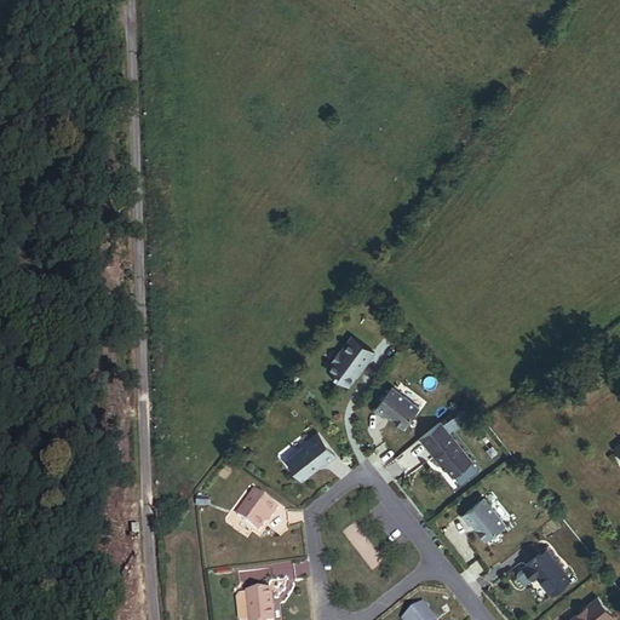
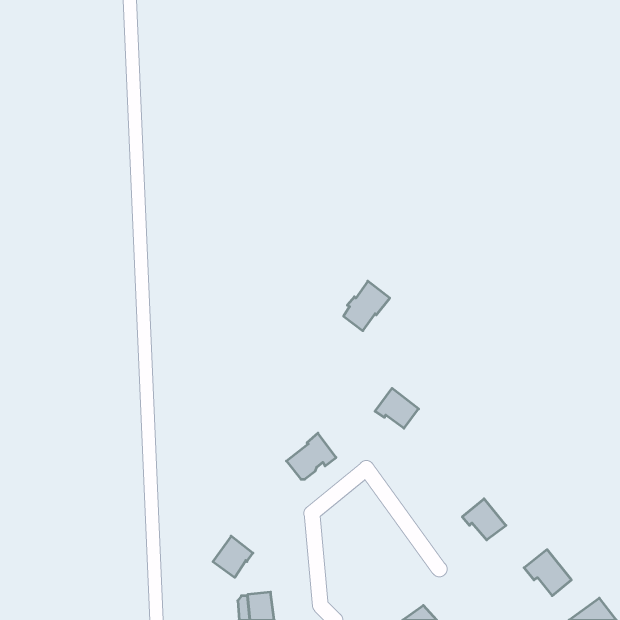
building: [328,337,374,386] -> [344,281,390,331]
building: [420,424,471,477] -> none
building: [237,492,277,533] -> [213,536,253,577]

